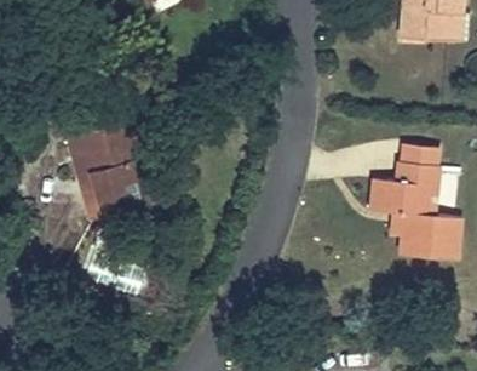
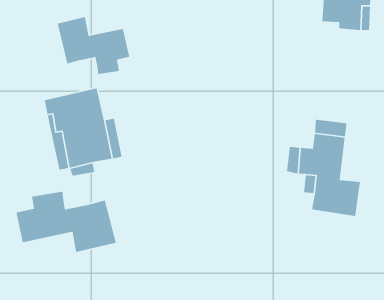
building: none -> [57,16,130,75]
building: none -> [16,191,117,253]

